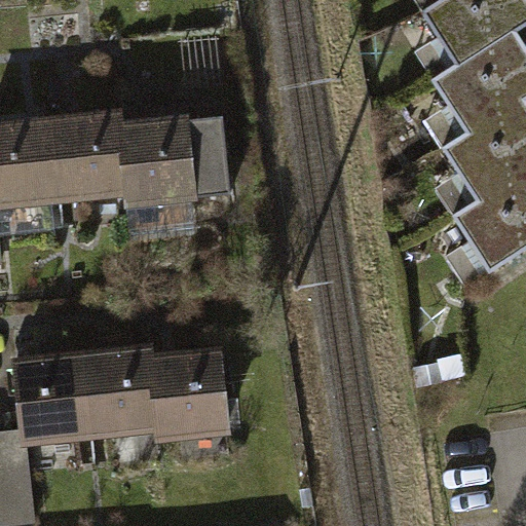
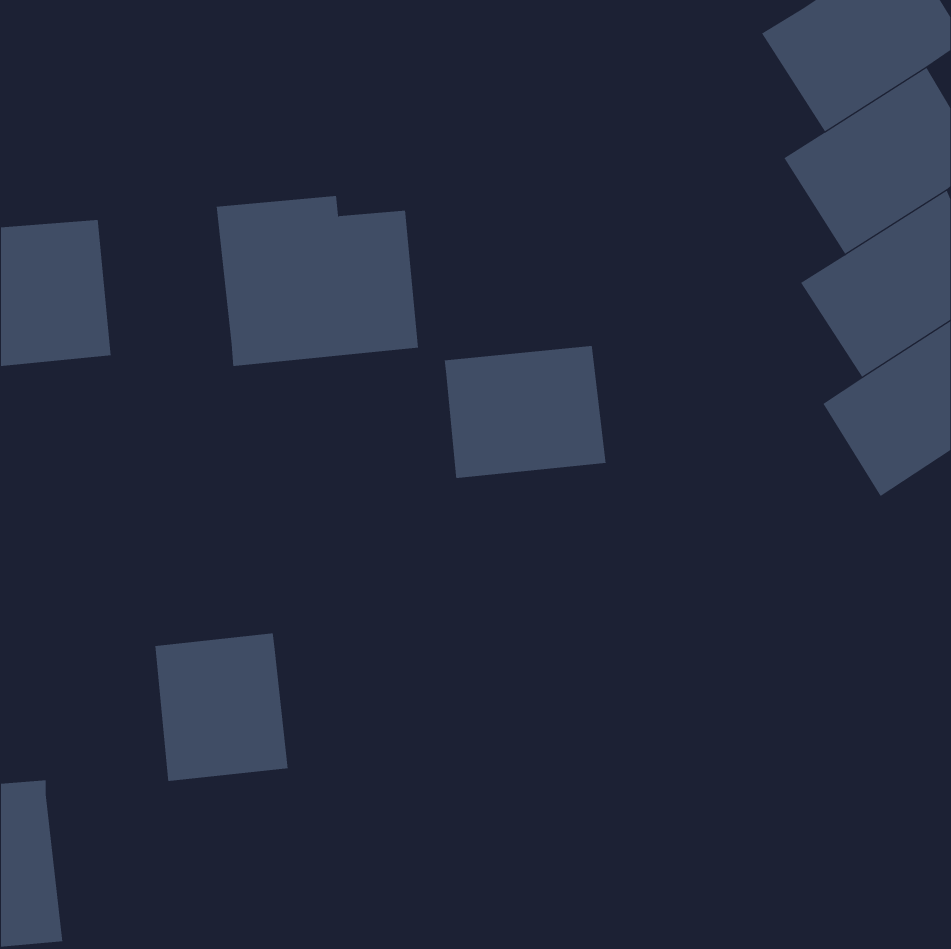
building: [54,114,127,196] -> none
building: none -> [444,345,606,479]
building: [152,351,226,434] -> none
building: [18,356,92,439] -> none

